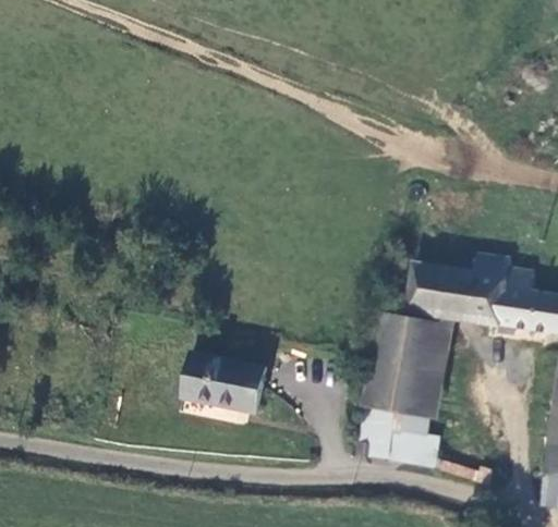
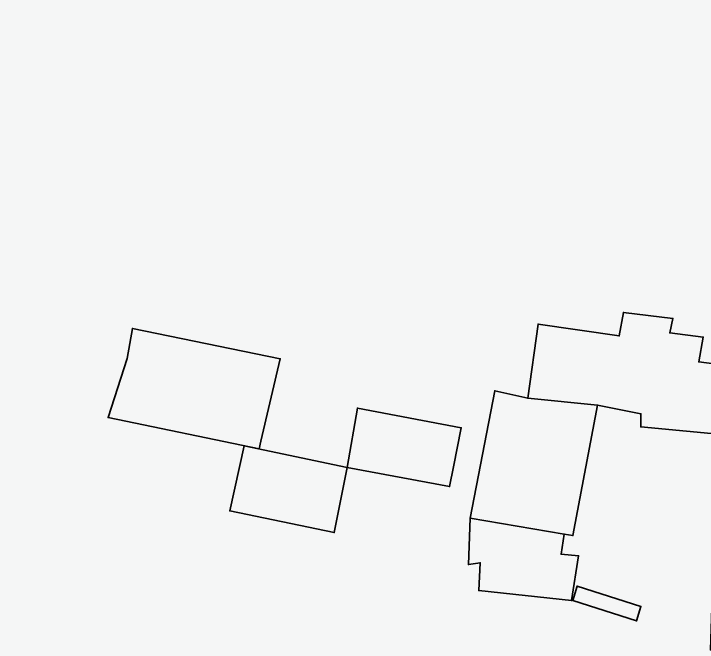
building: none -> [108,329,280,449]
building: none -> [347,408,461,487]

